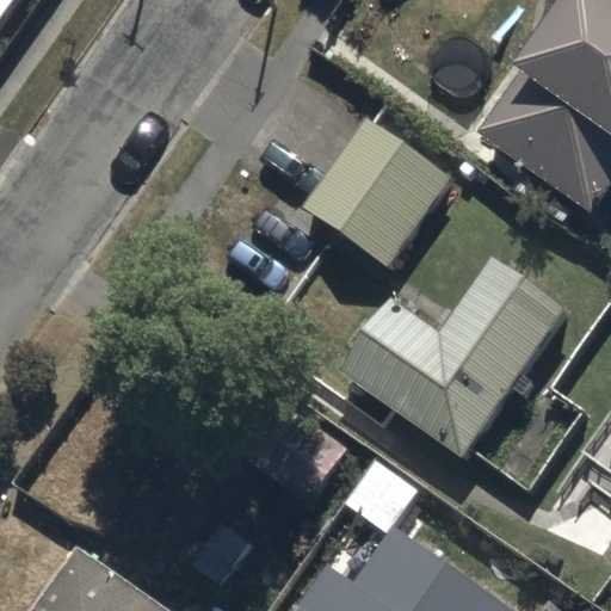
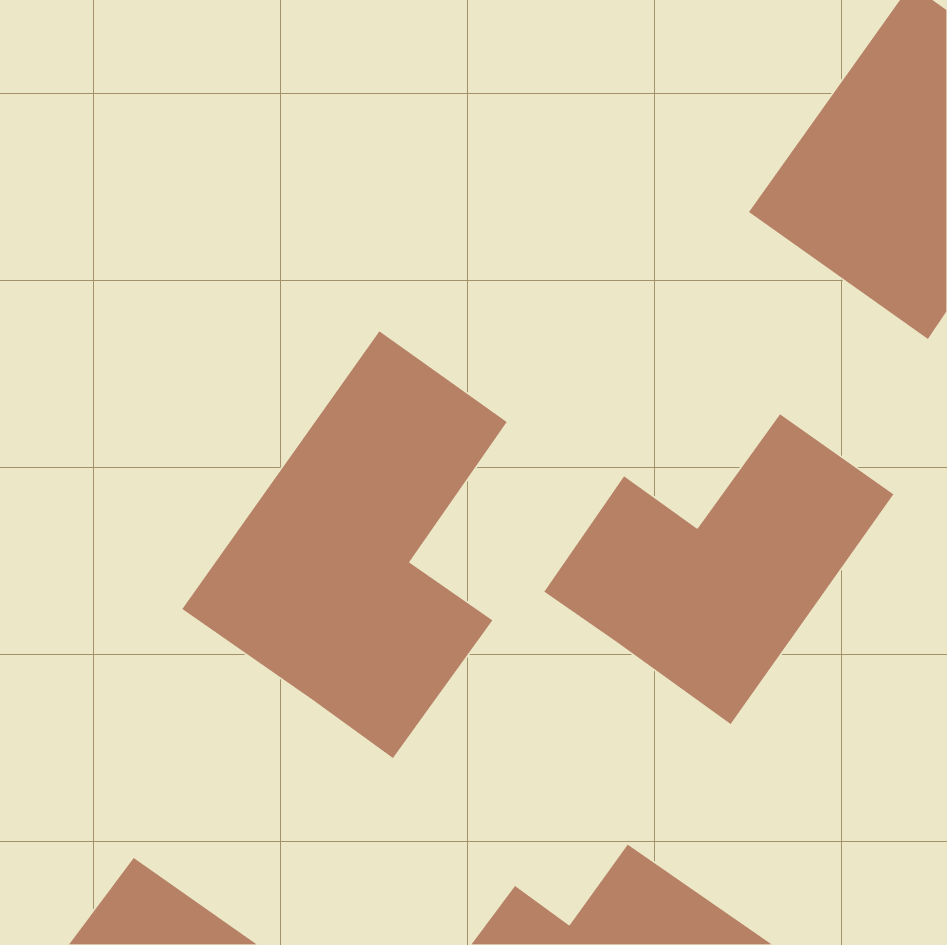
building: [303,117,451,269] -> none
building: none -> [181,330,508,759]

